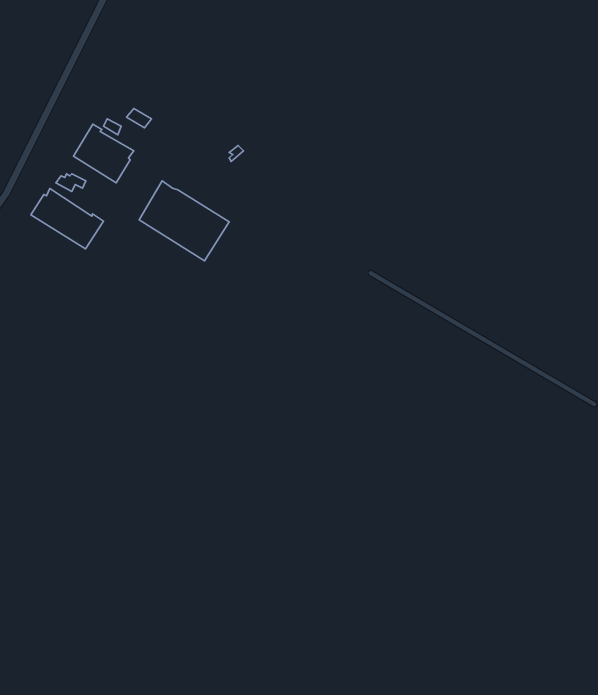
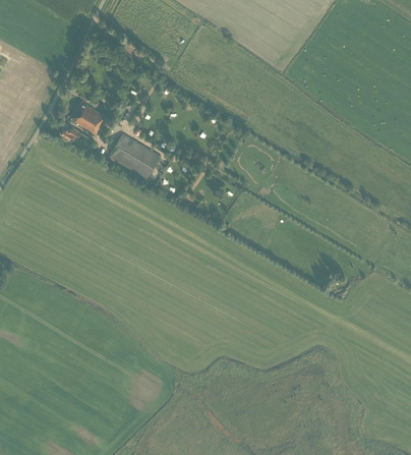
building: [31,189,104,249] -> none

